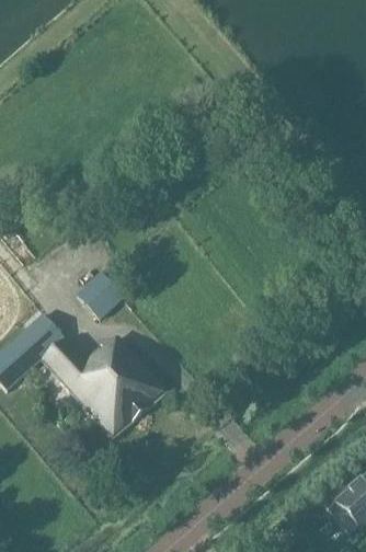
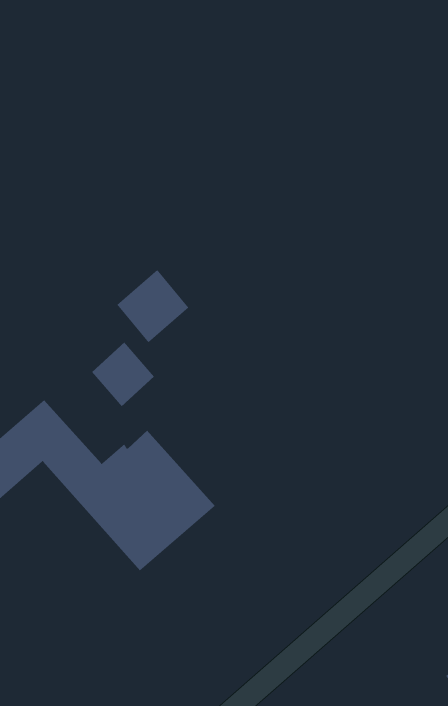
building: none -> [116,269,189,343]

